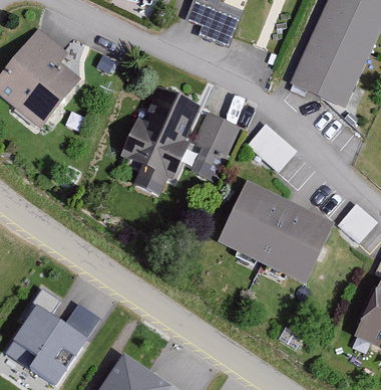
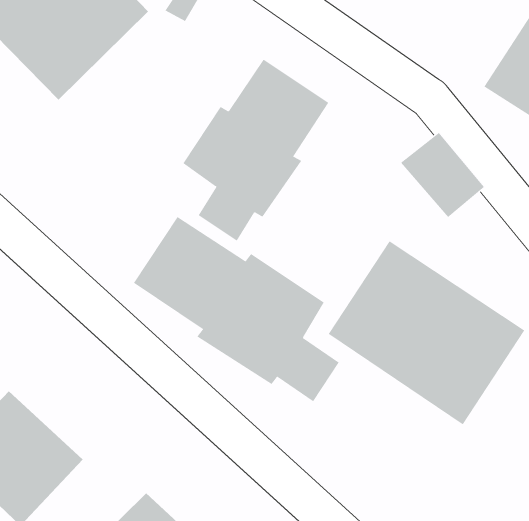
building: [193,113,239,168] -> none
building: none -> [133,216,339,402]

